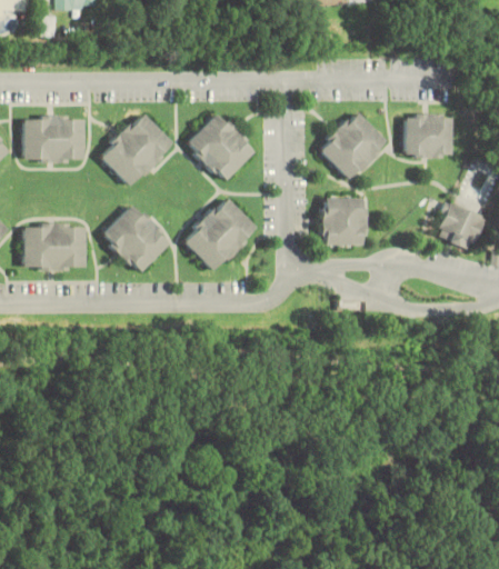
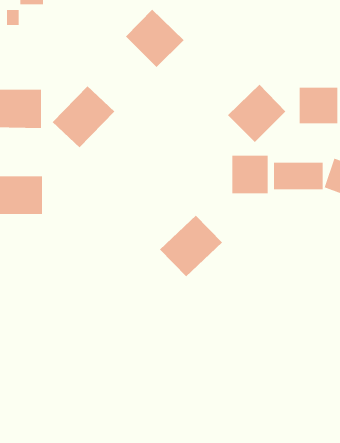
building: [183,110,257,183] -> [125,9,184,68]
building: [179,194,258,272] -> [159,215,223,277]
building: [99,201,171,274] -> none
building: none -> [274,162,323,190]

